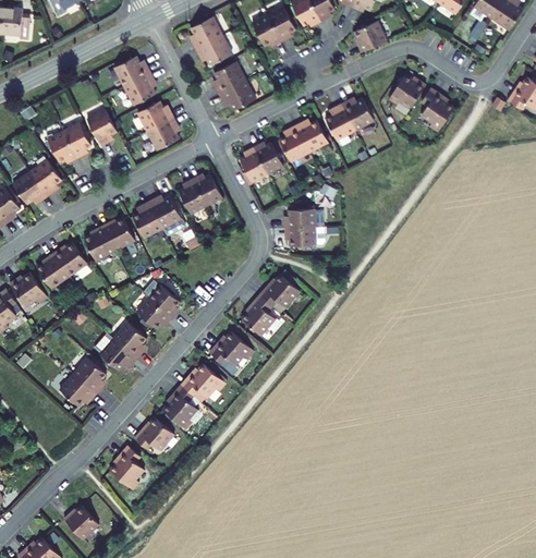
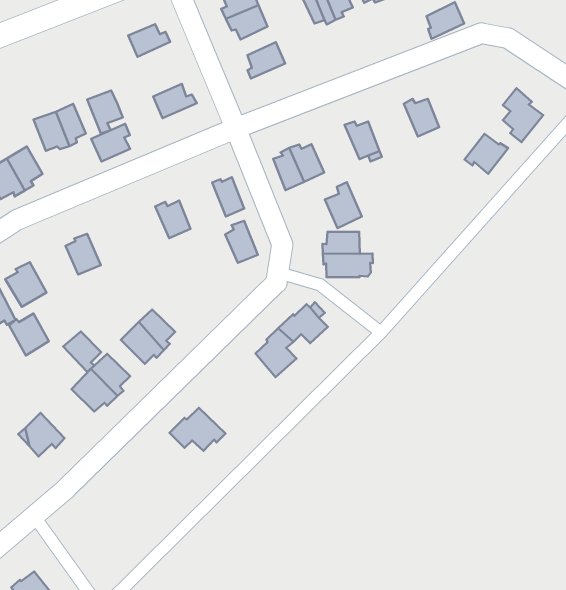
building: [127,71,158,102] -> none
building: [392,74,426,106] -> [465,134,508,174]
building: [219,81,255,111] -> none
building: [326,105,355,138] -> none
building: [151,118,183,149] -> [91,124,130,162]
building: [280,125,310,162] -> [325,182,362,228]
building: [181,180,208,214] -> [225,221,258,263]
building: [134,203,165,236] -> none
building: [99,222,130,253] -> none
building: [56,244,88,278] -> [9,314,49,356]
building: [208,328,252,361] -> none
building: [74,361,105,392] -> [63,331,101,372]
building: [161,381,194,424] -> none
building: [132,415,170,448] -> none
building: [106,444,139,487] -> none

